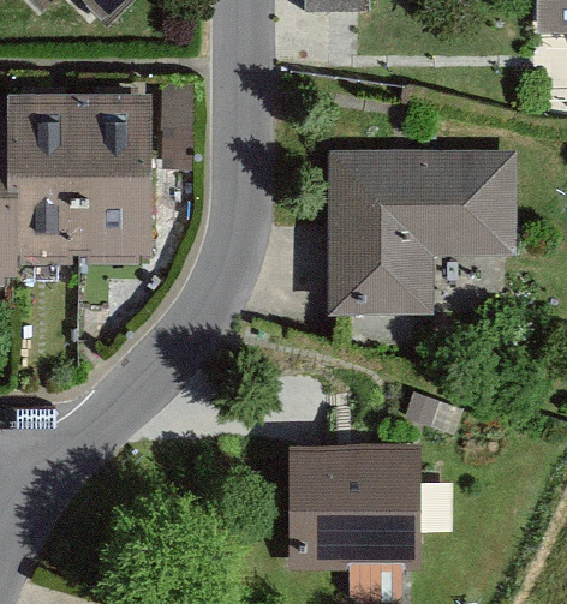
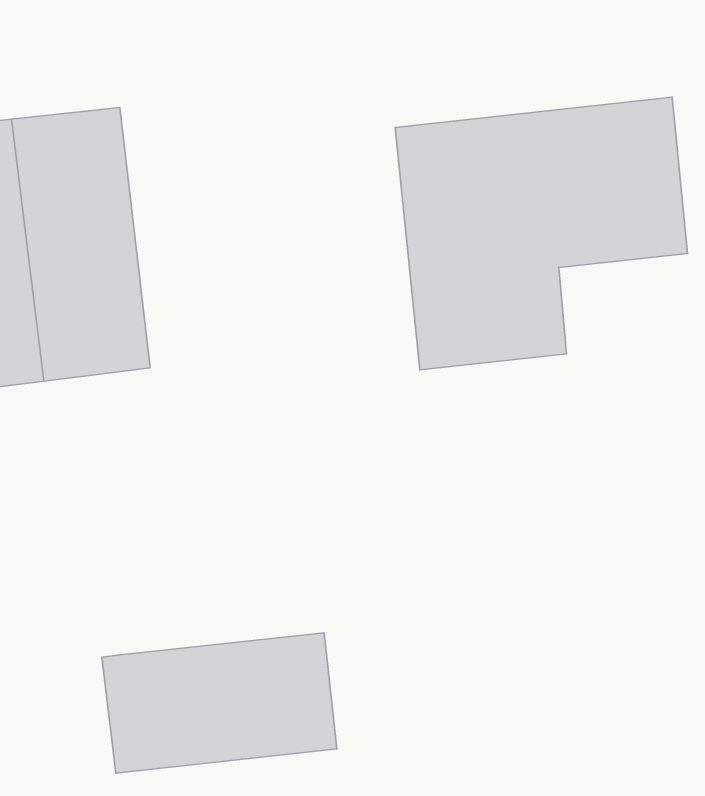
building: [286,449,412,552] -> none
building: none -> [102,633,337,773]

